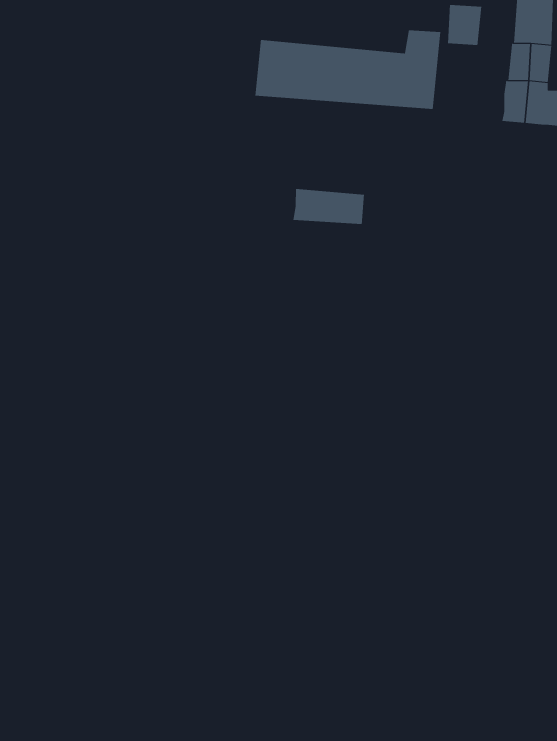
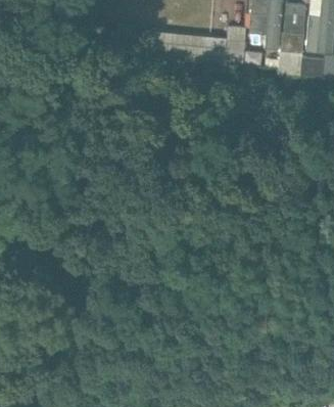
building: [293,188,365,225] -> none

